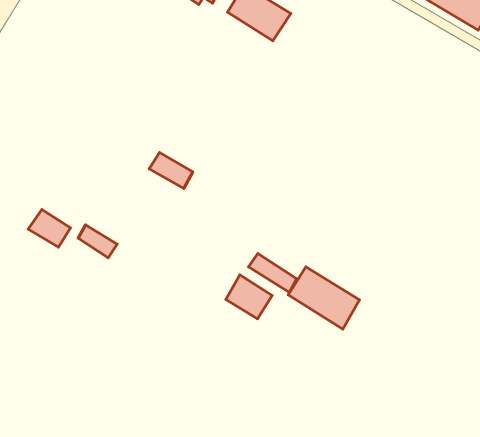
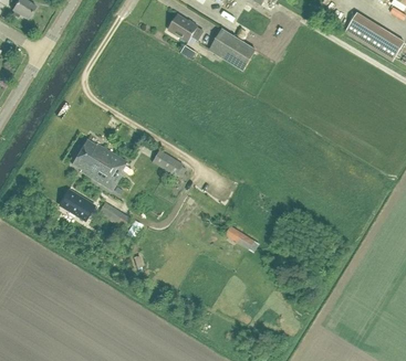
building: none -> [72,139,126,189]
building: [288,267,359,329] -> none
building: [226,275,272,319] -> none

